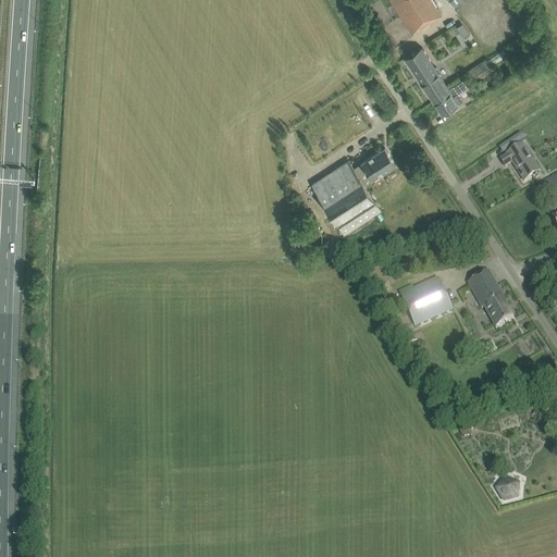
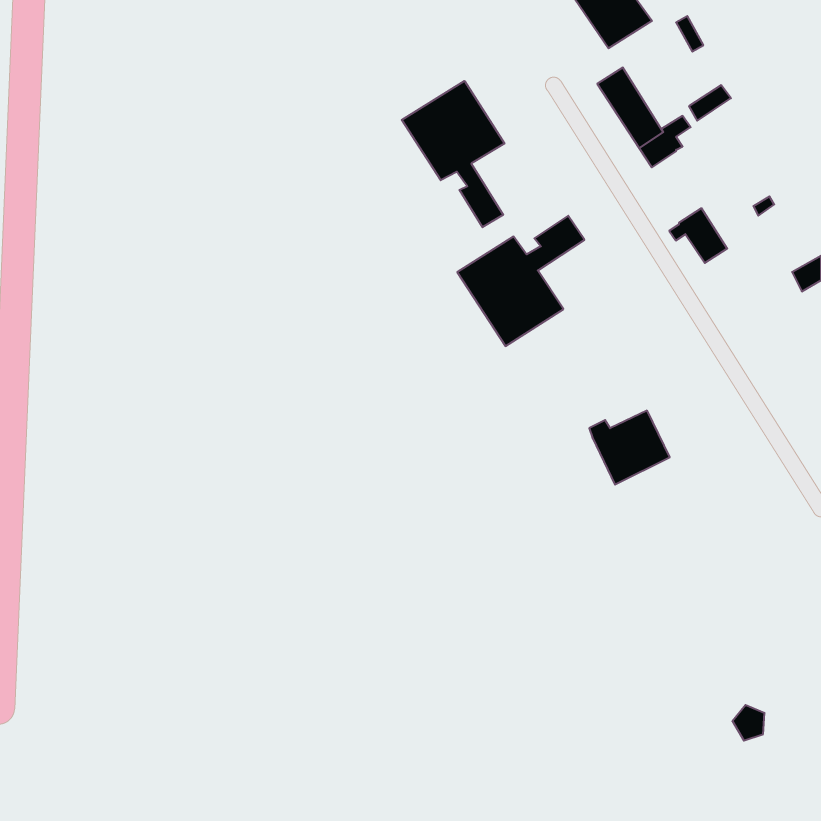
building: none -> [402,81,504,227]
building: [499,144,539,181] -> [669,208,727,263]
building: [467,271,511,327] -> none

